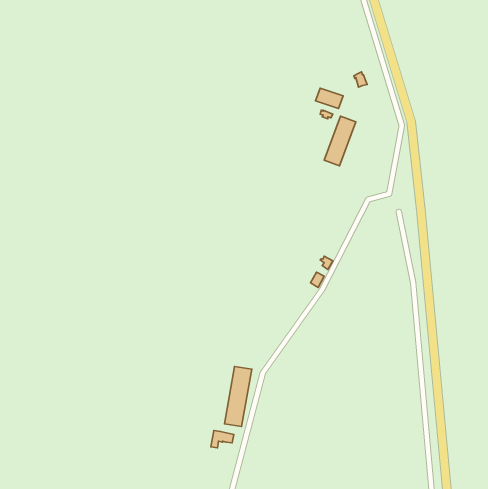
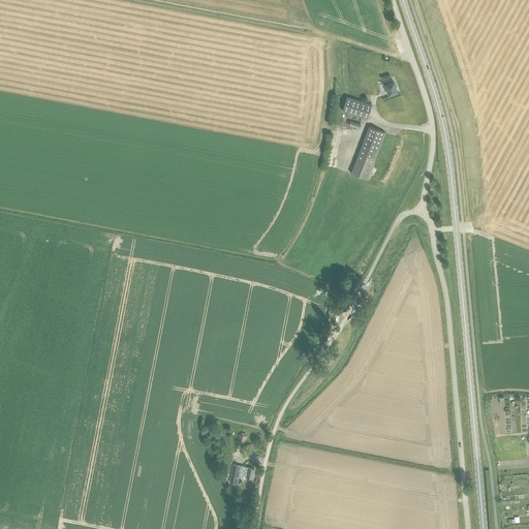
building: [224,366,252,427] -> none

